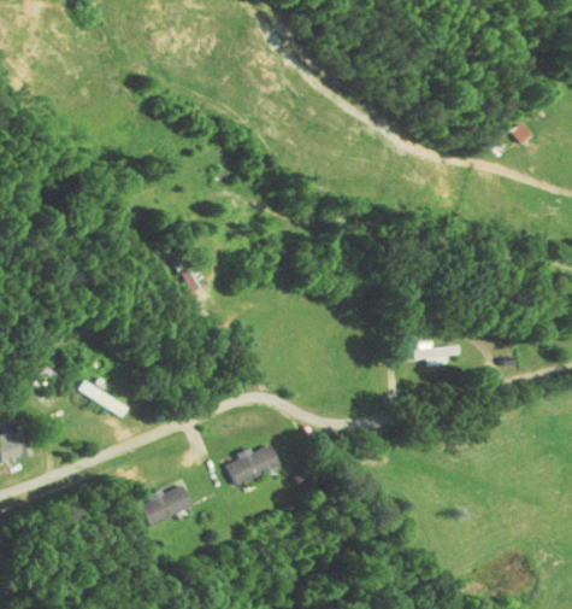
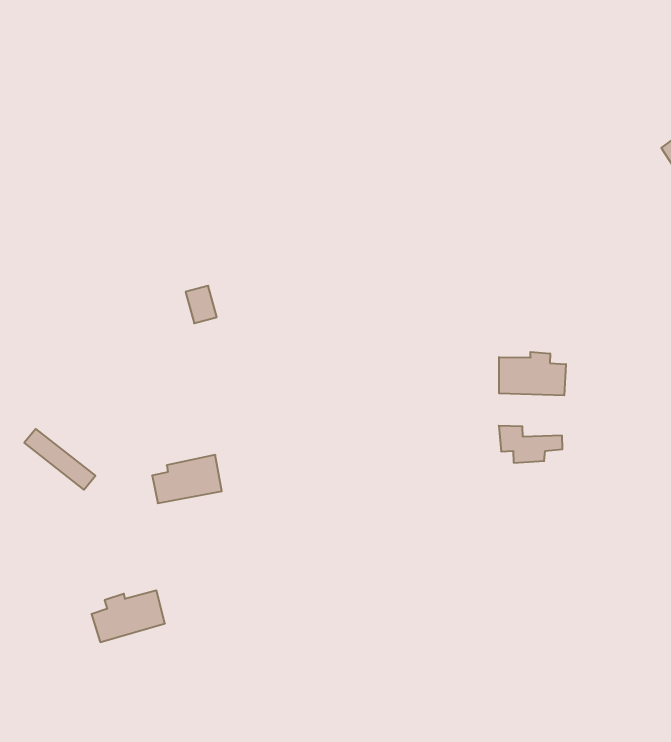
building: none -> [499,352,566,395]
building: [225,445,276,484] -> [152,455,222,503]

